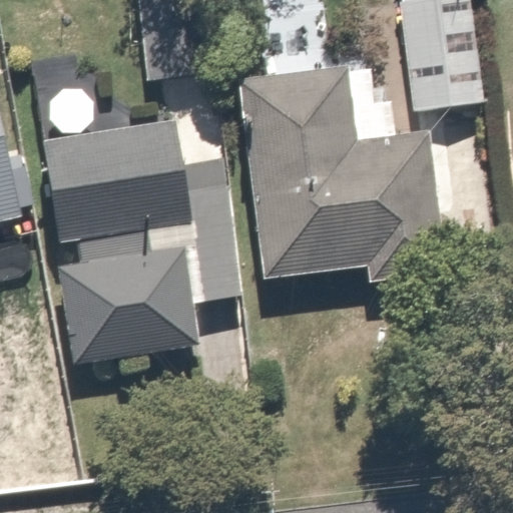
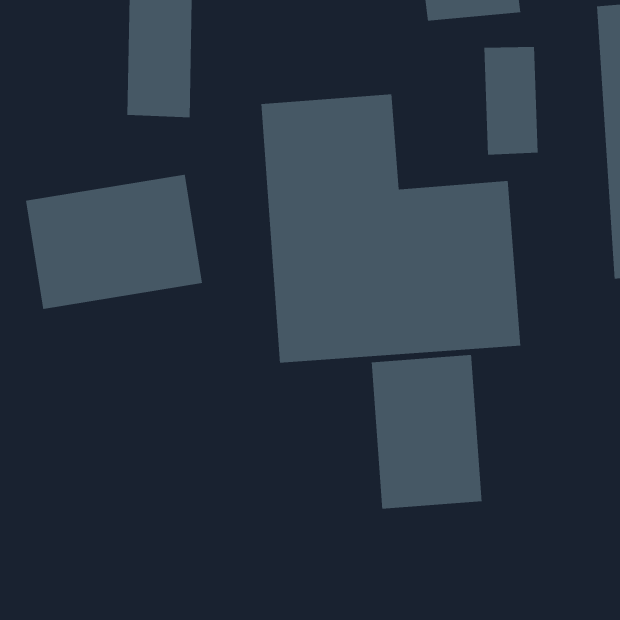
building: [56,272,175,383] -> none
building: none -> [371,354,482,510]

